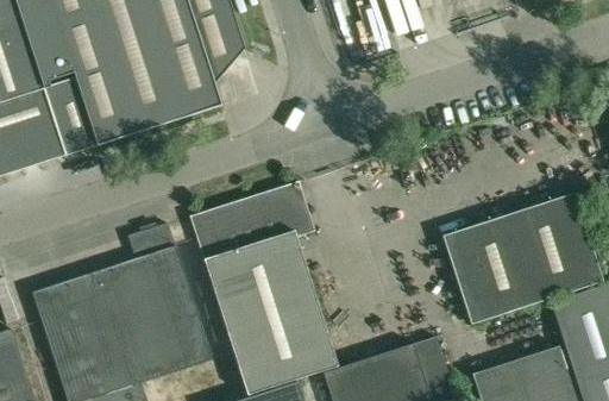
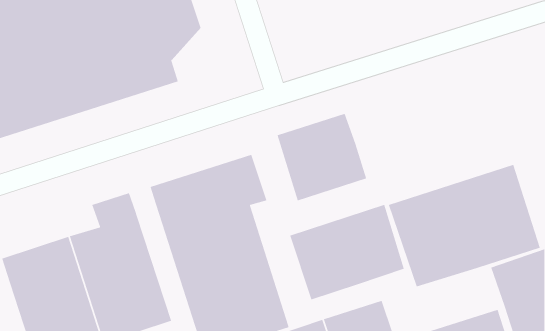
building: none -> [276,113,367,201]
building: none -> [289,204,405,300]

